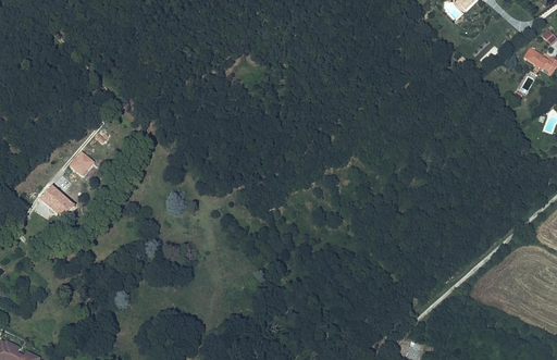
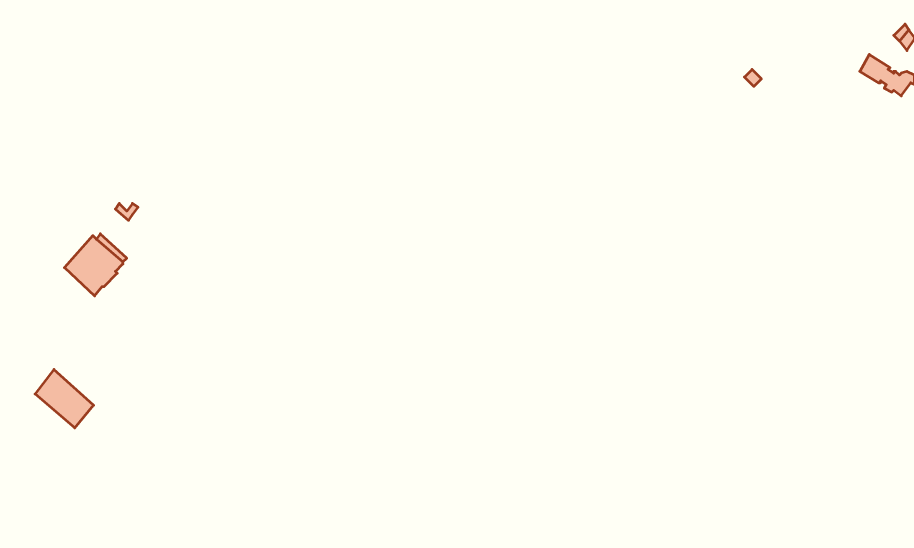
building: [40,185,74,219] -> [35,369,94,428]

